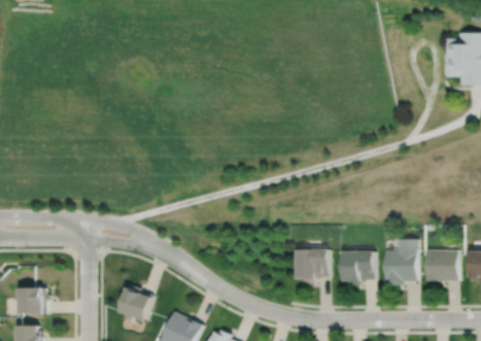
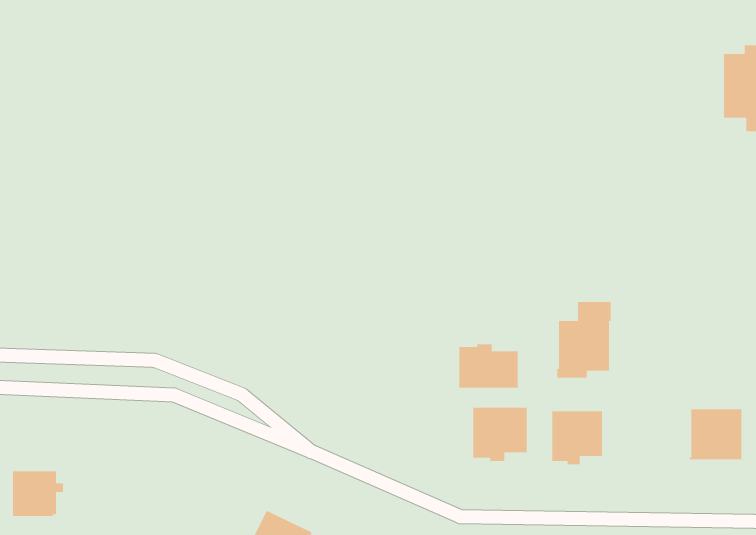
building: none -> [459,343,519,388]
building: [384,239,417,285] -> [557,301,612,378]
building: [116,284,151,321] -> none

